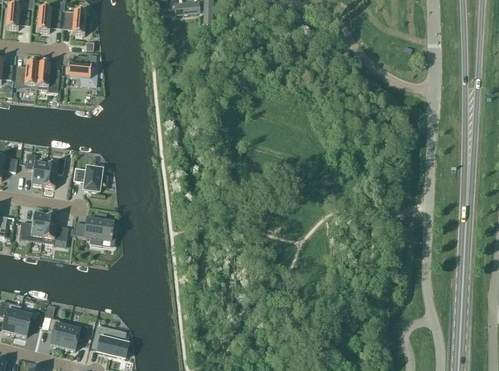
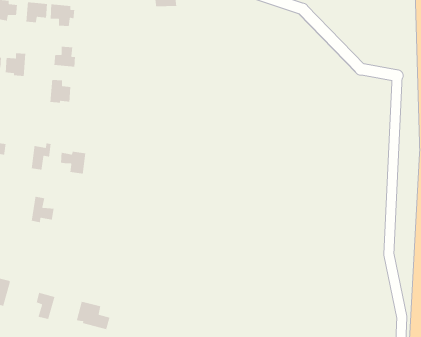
building: [36,62,59,88] -> [50,79,71,103]
building: [25,152,46,185] -> none
building: [84,211,117,244] -> none
building: [19,212,47,241] -> none
building: [14,307,38,335] -> none
building: [62,321,87,349] -> none

